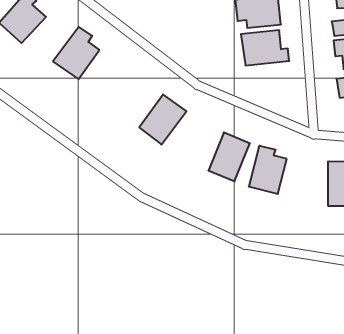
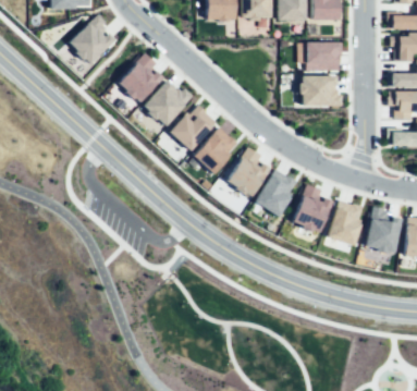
building: none -> [140,81,194,130]
building: none -> [170,106,218,152]
building: none -> [228,147,269,197]
building: none -> [328,199,365,245]

